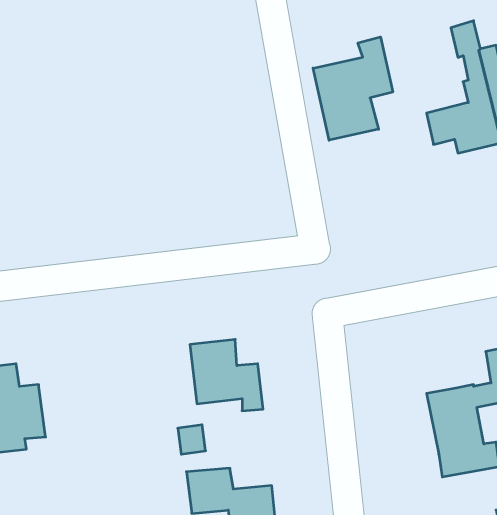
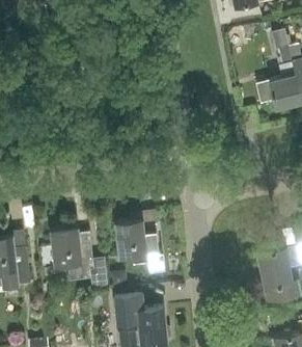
building: [313,37,393,140] -> none
building: none -> [52,226,108,290]

